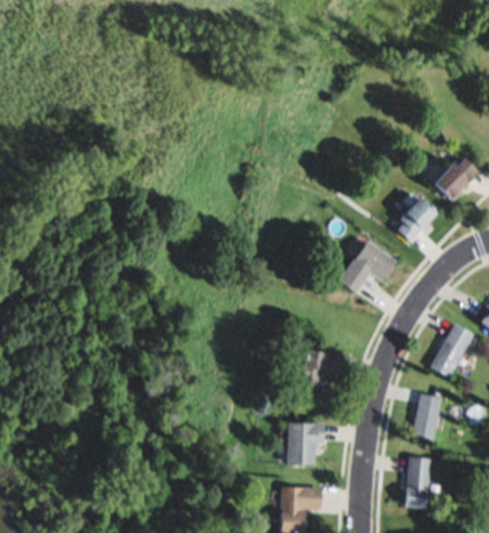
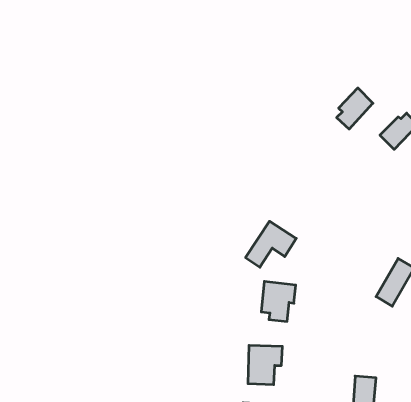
building: [397,196,438,243] -> [337,88,373,129]
building: [338,240,396,292] -> [246,221,296,267]
building: [411,393,441,443] -> none

